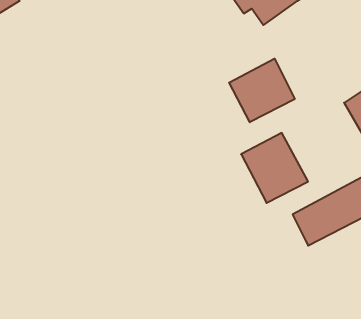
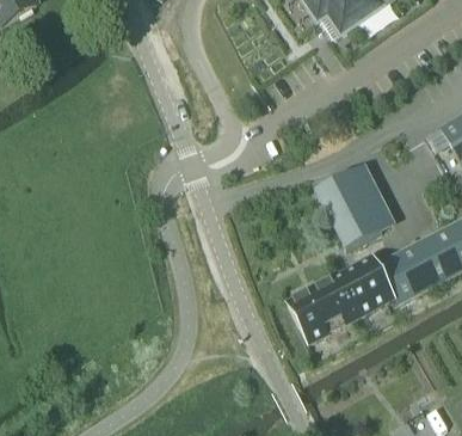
building: [229,59,295,122] -> none
building: none -> [287,254,394,342]

